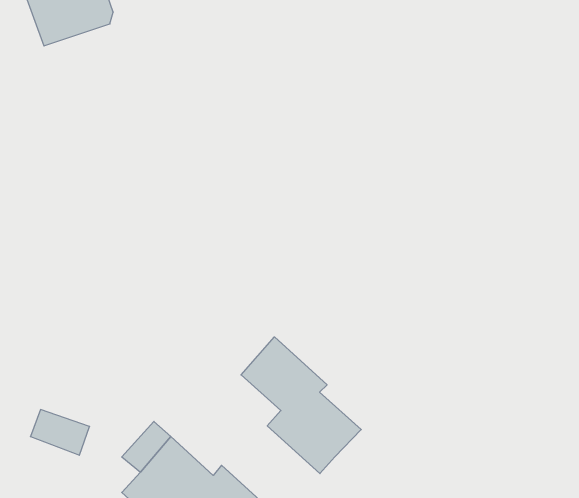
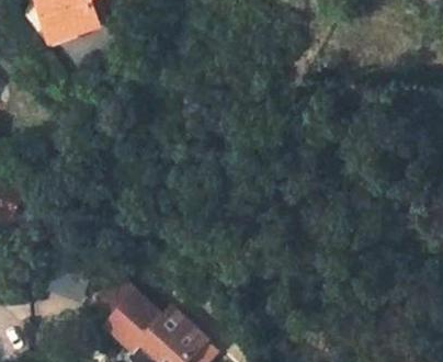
building: [241,337,361,474] -> none

